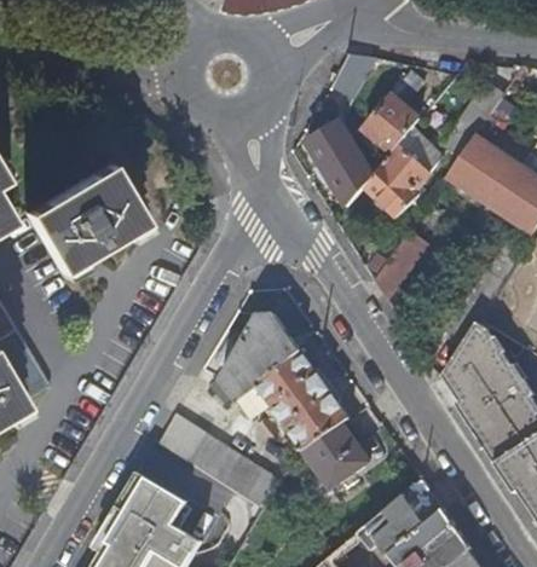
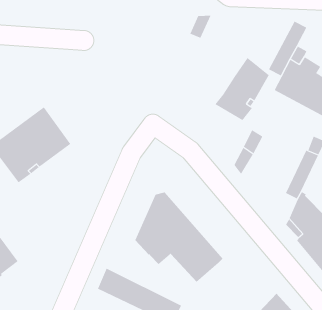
building: [366,71,425,152] -> none
building: [310,126,374,203] -> none
building: [305,424,368,487] -> none

